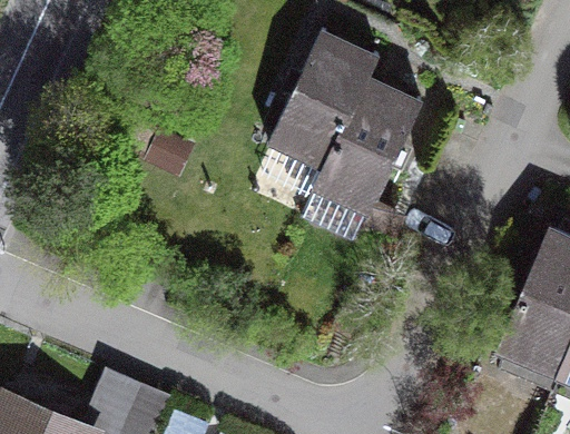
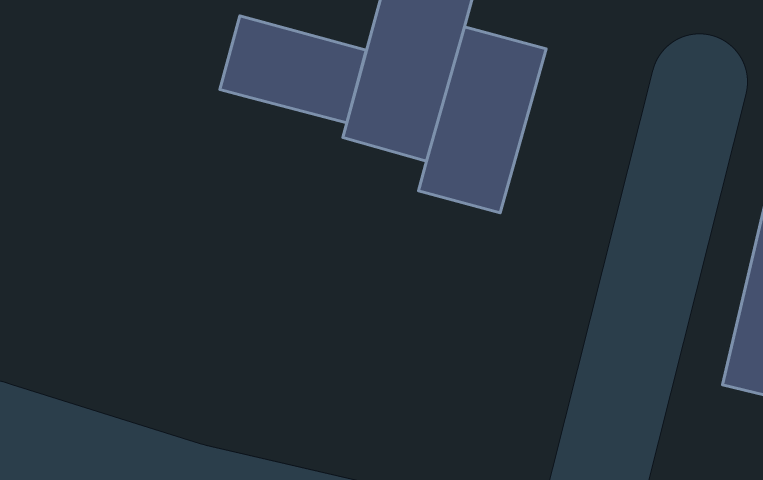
building: none -> [220,16,366,123]

